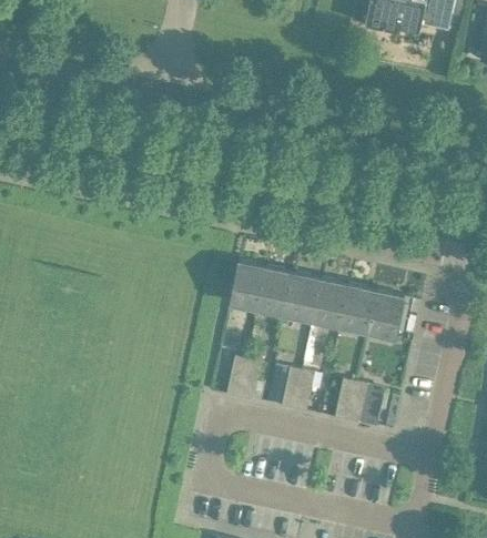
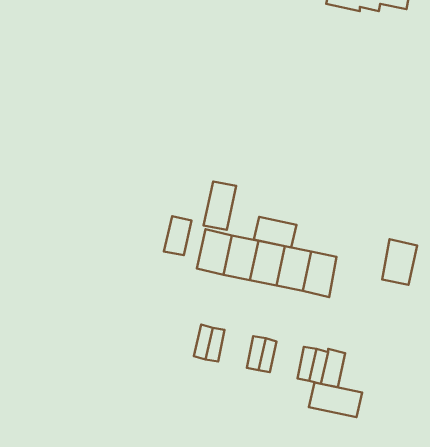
building: none -> [203,181,236,230]
building: none -> [164,216,191,255]
building: none -> [254,217,296,247]
building: [368,291,405,338] -> [382,239,417,285]
building: none -> [309,383,362,417]

